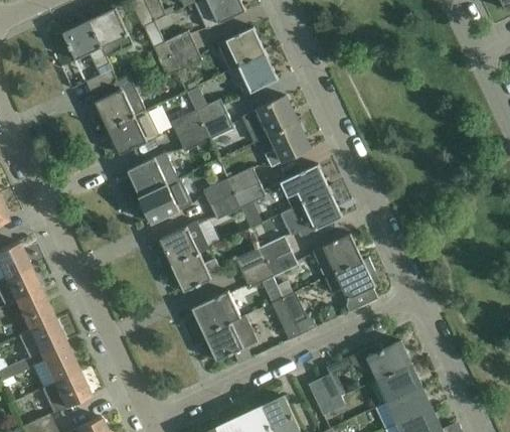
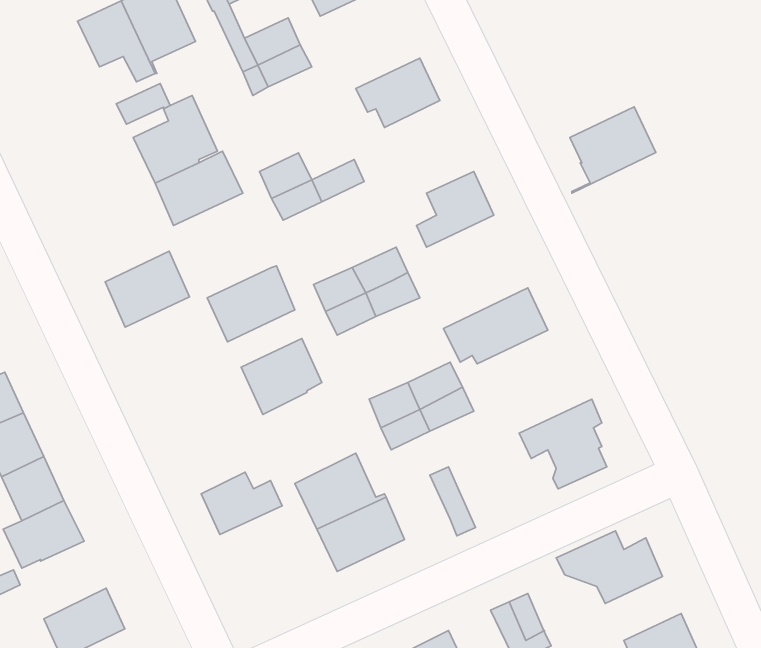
building: [216,27,266,73] -> none
building: [241,96,298,142] -> none
building: [193,99,226,127] -> none
building: [127,152,177,197] -> [105,251,189,327]
building: [279,164,330,215] -> [570,107,656,193]
building: [312,234,368,278] -> none
building: [172,254,220,291] -> [201,472,282,534]
building: [283,293,316,334] -> none
building: [39,342,78,389] -> none
building: [376,364,421,402] -> none

